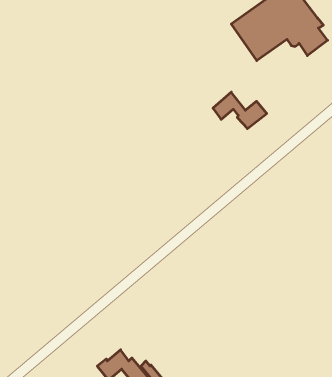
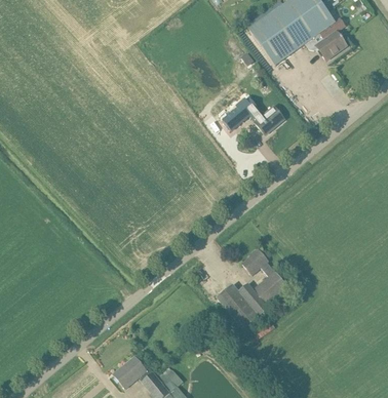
building: none -> [217,247,288,329]

